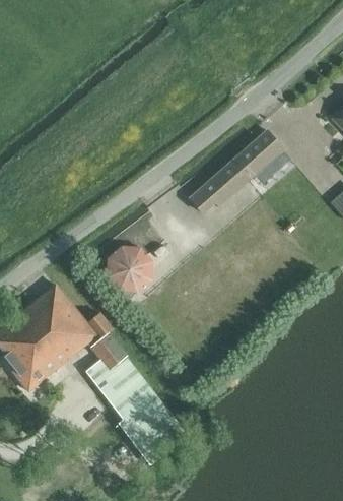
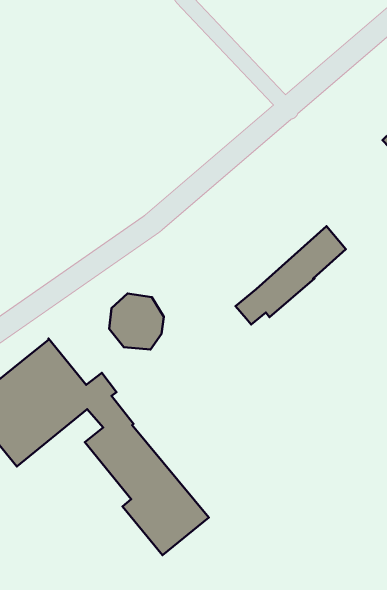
building: [190,130,282,212] -> [235,226,346,325]

